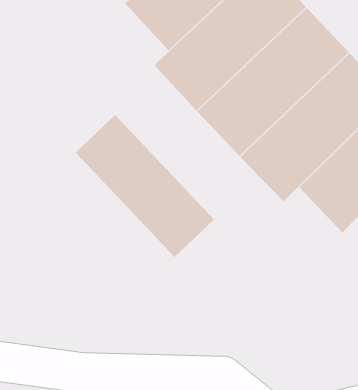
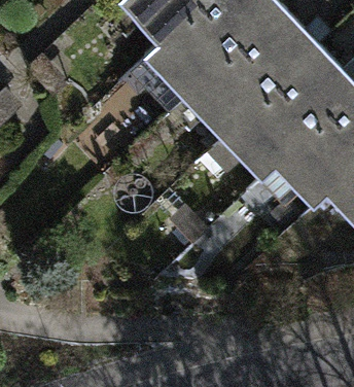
building: [75,114,215,258] -> none

